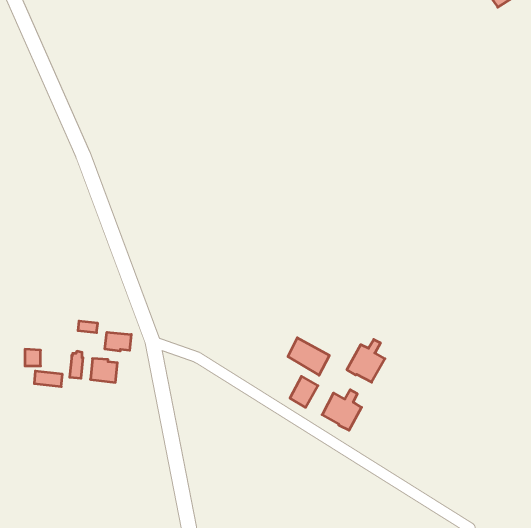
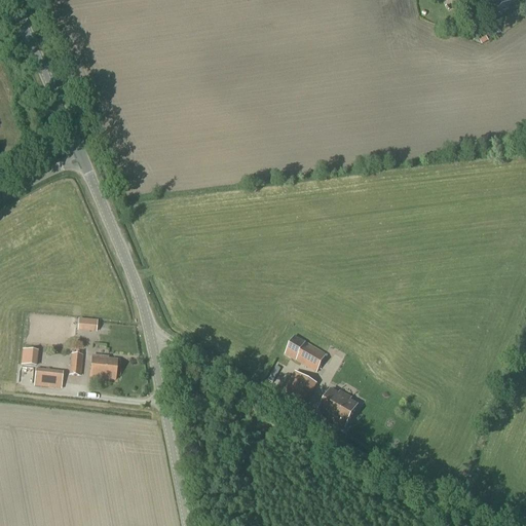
building: [105,332,131,351] -> none
building: [347,339,385,382] -> none

